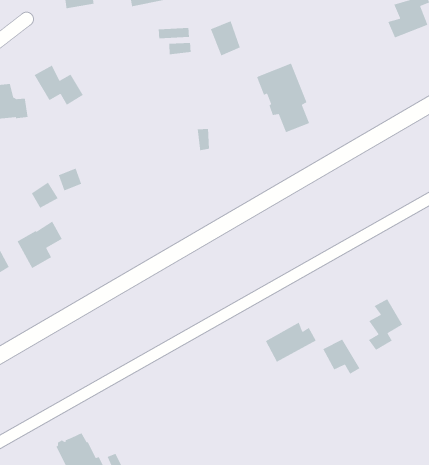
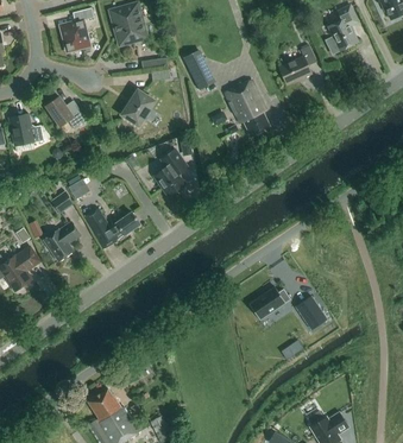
building: none -> [278,44,316,83]
building: none -> [121,89,155,125]
building: none -> [152,148,187,196]
building: none -> [83,208,139,249]
building: [368,298,403,351] -> none

